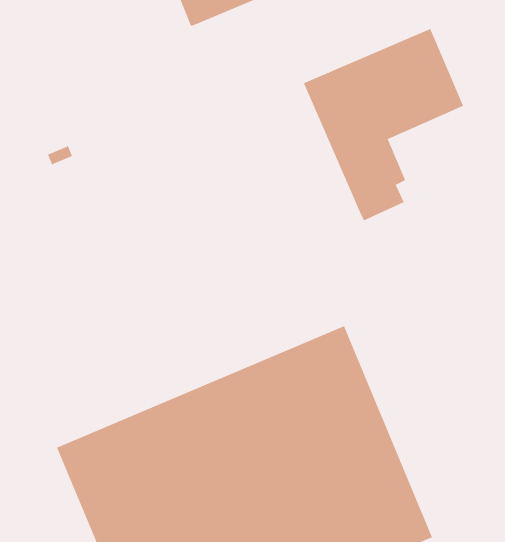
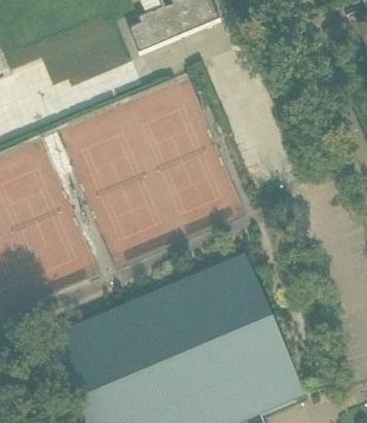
building: [303,28,464,221] -> none

